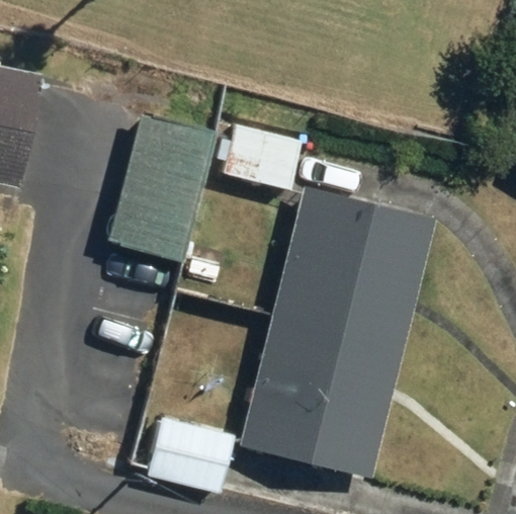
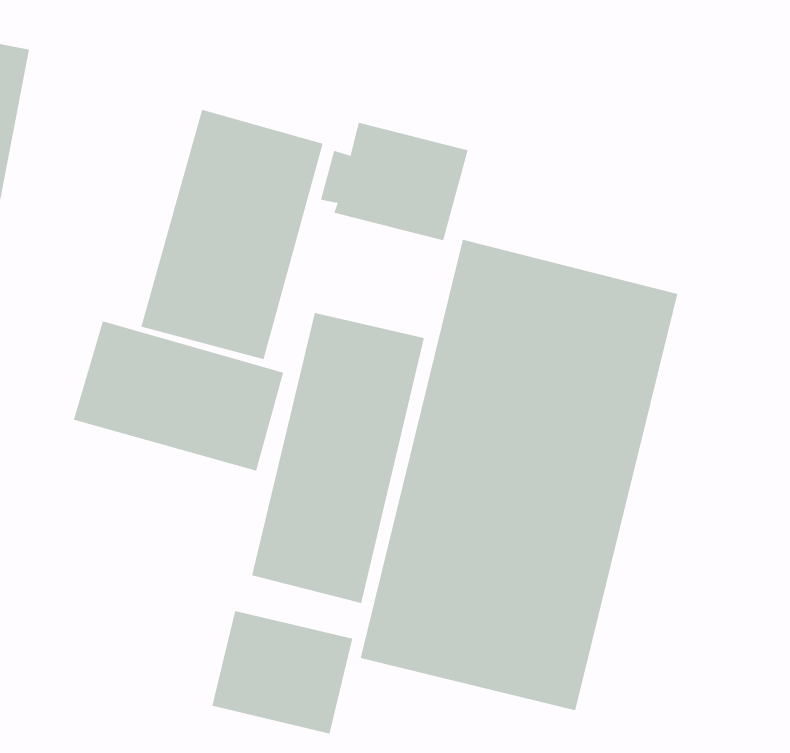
building: none -> [251,312,424,604]
building: none -> [73,320,284,472]

